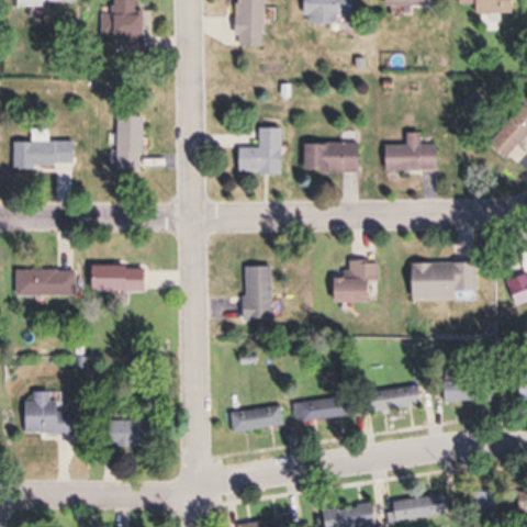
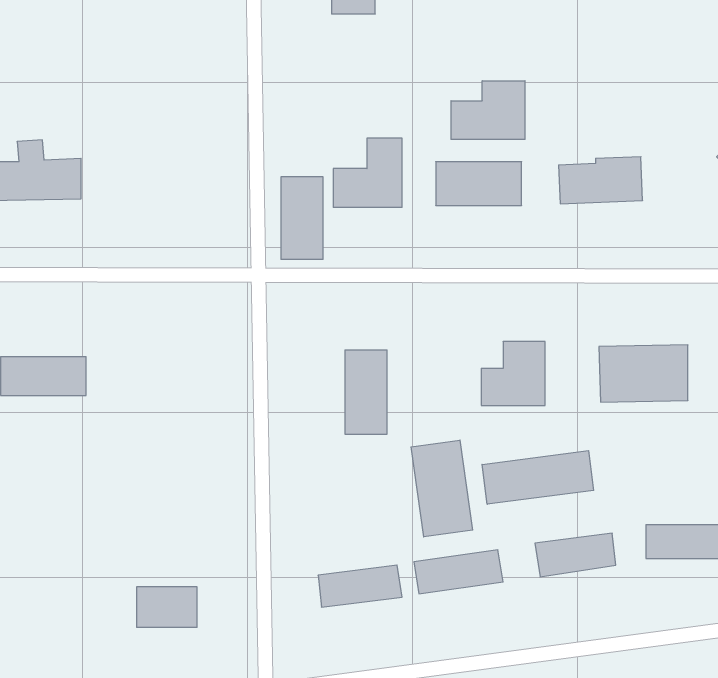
building: none -> [451,81,525,139]
building: [115,115,143,169] -> [281,177,323,259]
building: [93,268,146,291] -> none
building: none -> [411,440,473,537]
building: none -> [482,451,594,504]
building: [24,392,75,435] -> none

